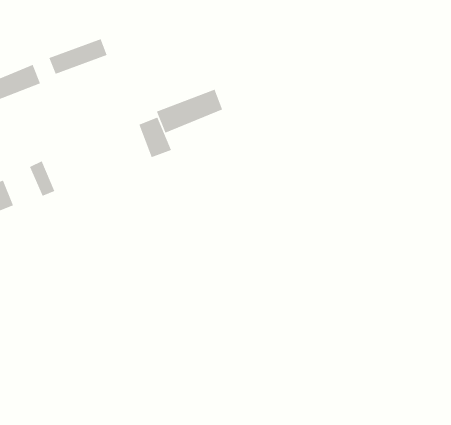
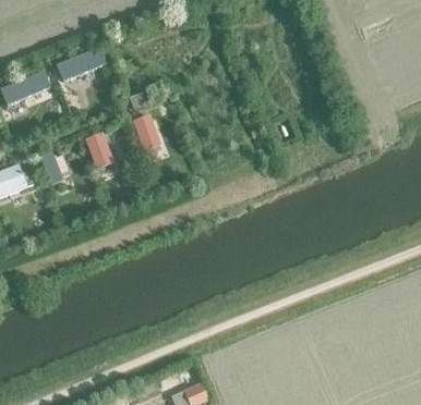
building: [156,89,223,133] -> none
building: none -> [84,131,112,167]

